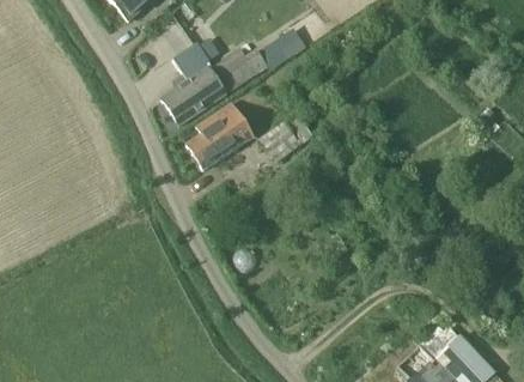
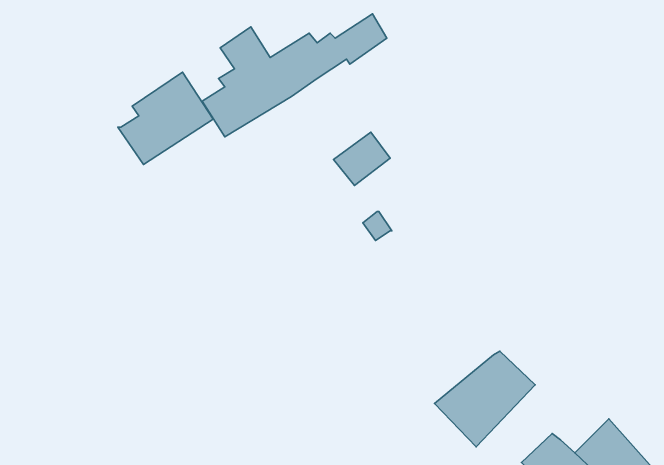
building: [183,102,254,170] -> [118,72,213,165]
building: none -> [434,351,535,447]

